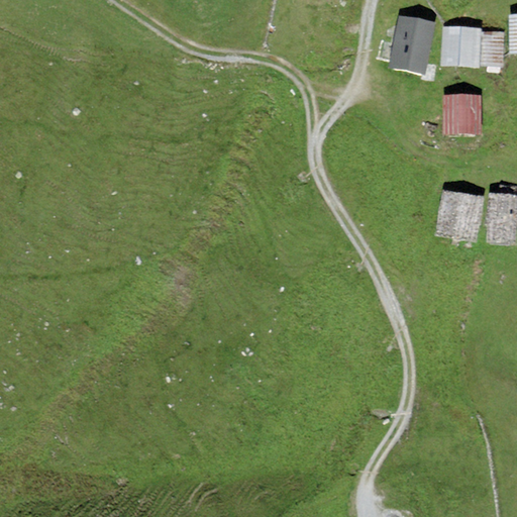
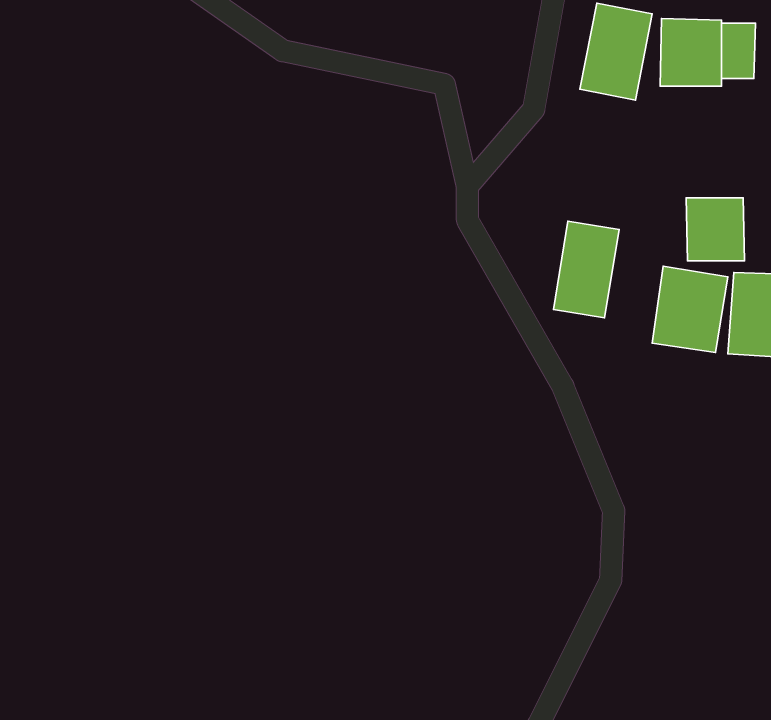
building: [442,92,481,133] -> [686,198,745,261]
building: none -> [553,221,619,318]

